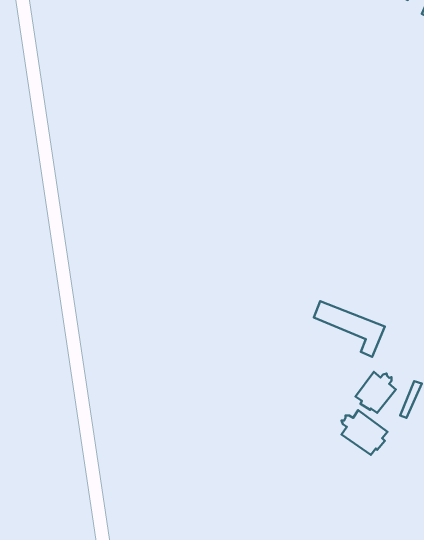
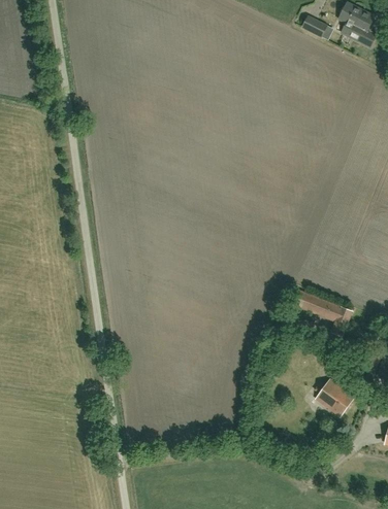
building: [355,372,396,413] -> none

